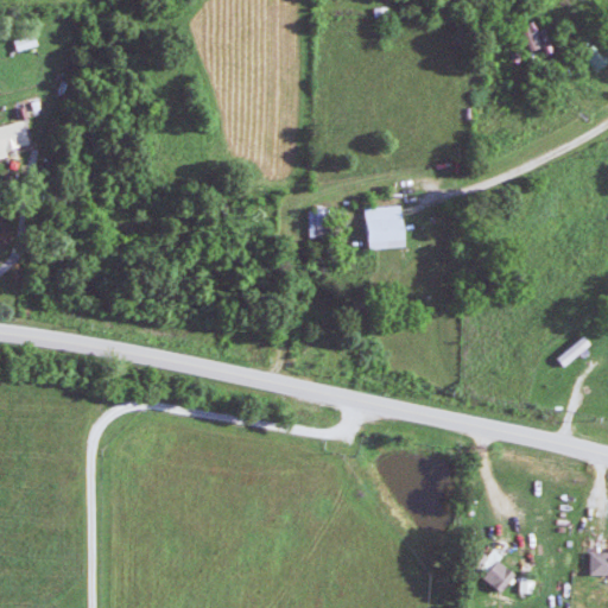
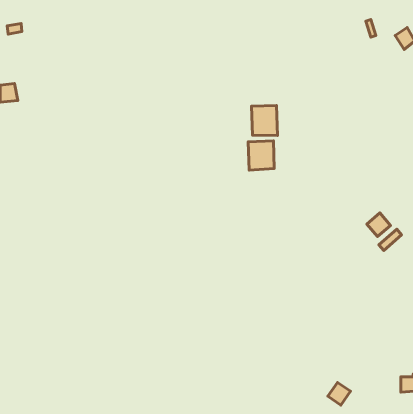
building: none -> [252,105,277,136]
building: none -> [367,213,391,237]

